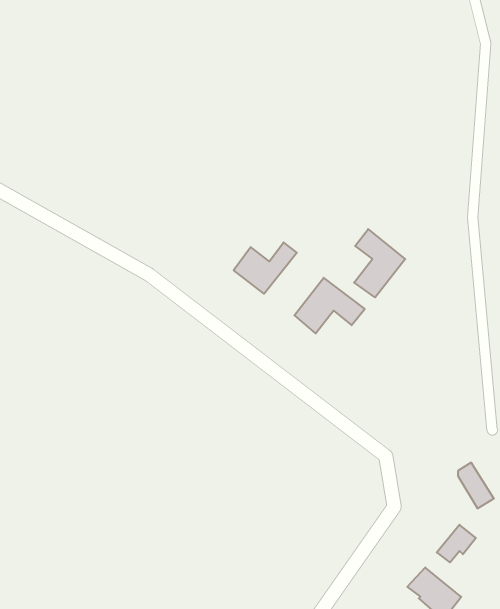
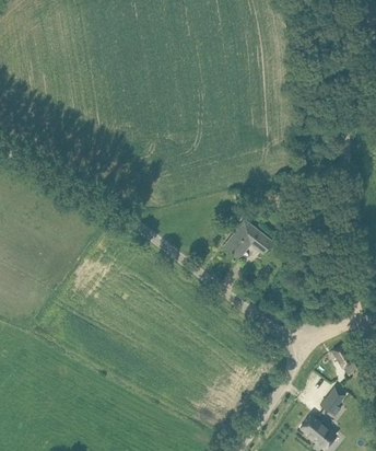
building: [354,229,405,297] -> none
building: [234,242,297,294] -> none

